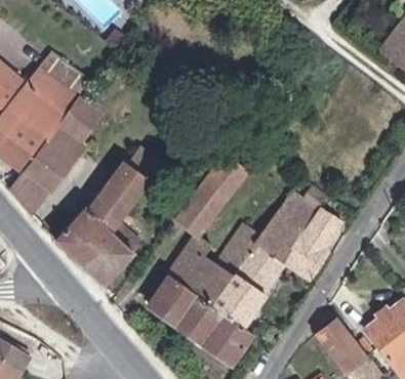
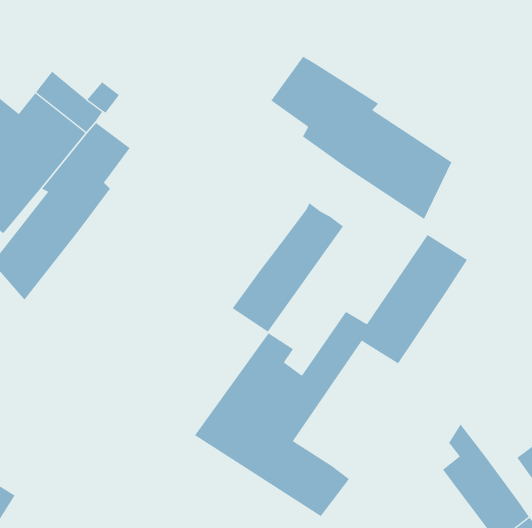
building: none -> [271,56,452,220]
building: [55,145,168,283] -> none
building: [213,208,335,327] -> none

